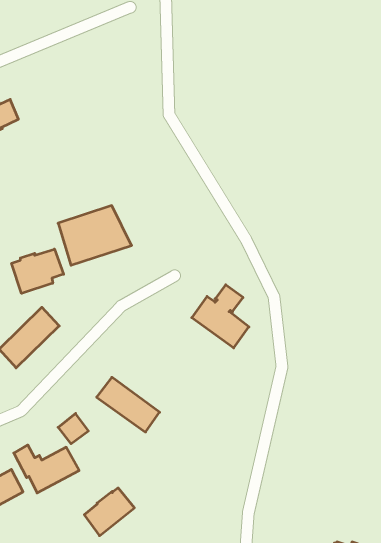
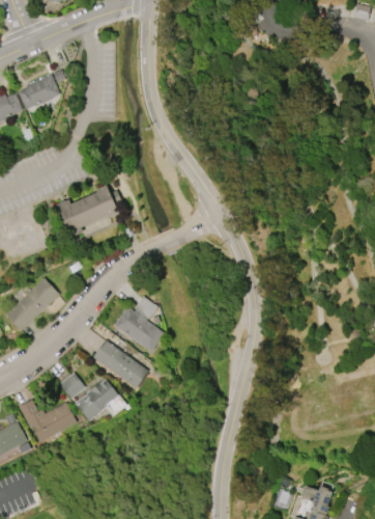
building: none -> [18,74,60,109]
building: [12,249,64,293] -> none
building: [192,285,249,348] -> [113,296,164,352]
building: [84,488,134,536] -> [75,379,119,421]

